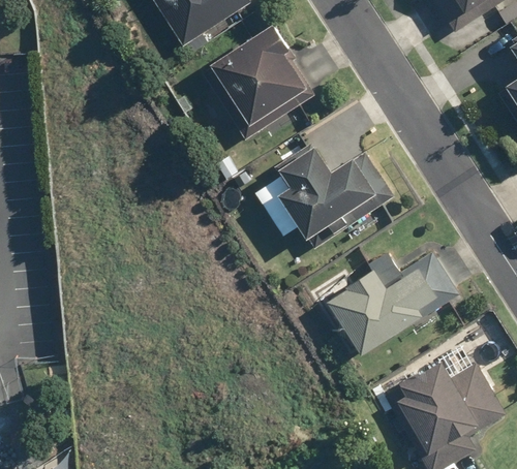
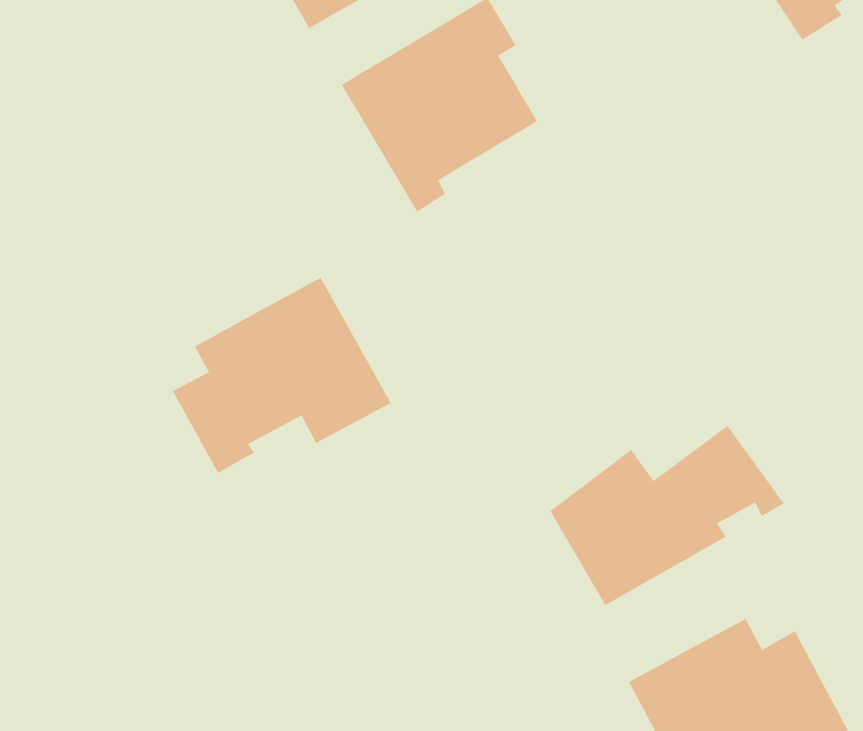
building: [253,145,389,238] -> none
building: none -> [172,277,391,473]

